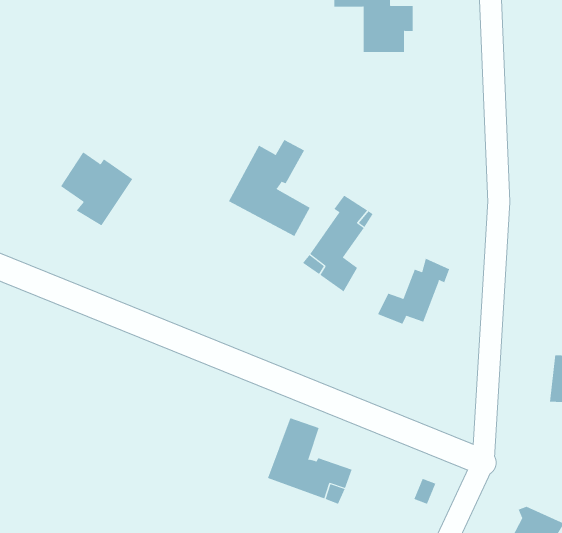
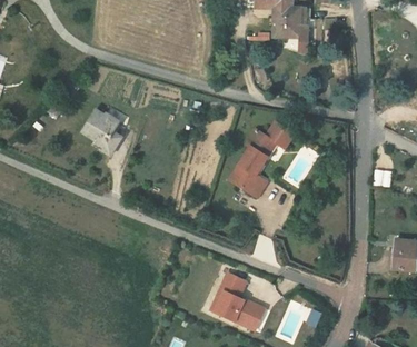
building: [228,139,310,237] -> none
building: [377,258,450,324] -> none

